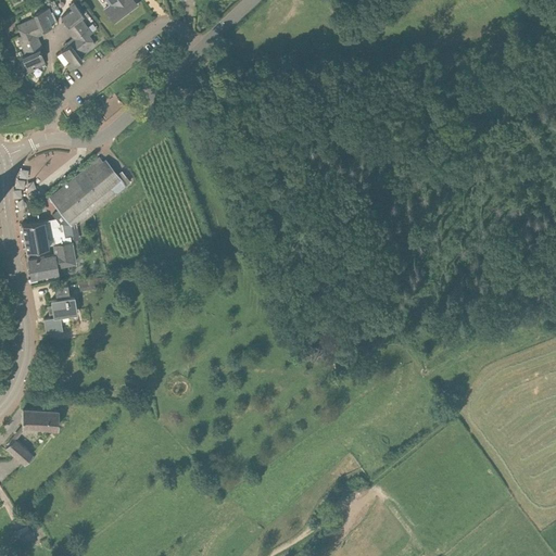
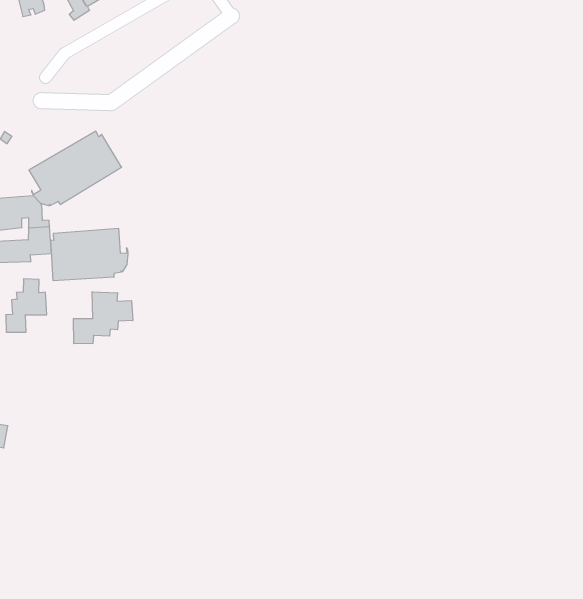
building: none -> [51,228,128,281]
building: none -> [74,292,133,344]

